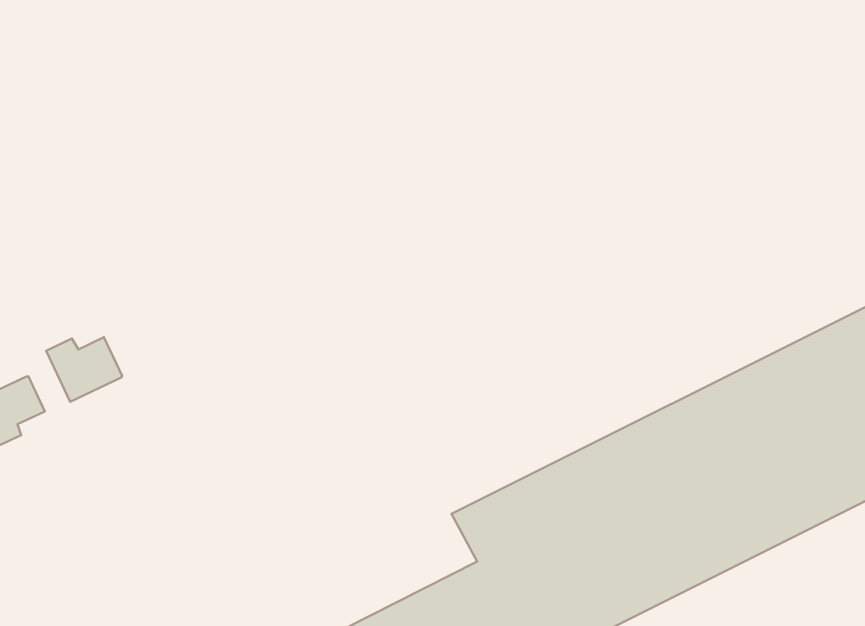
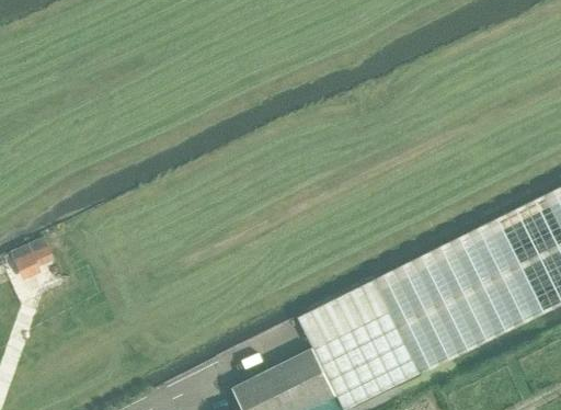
building: [46,337,122,402] -> none

